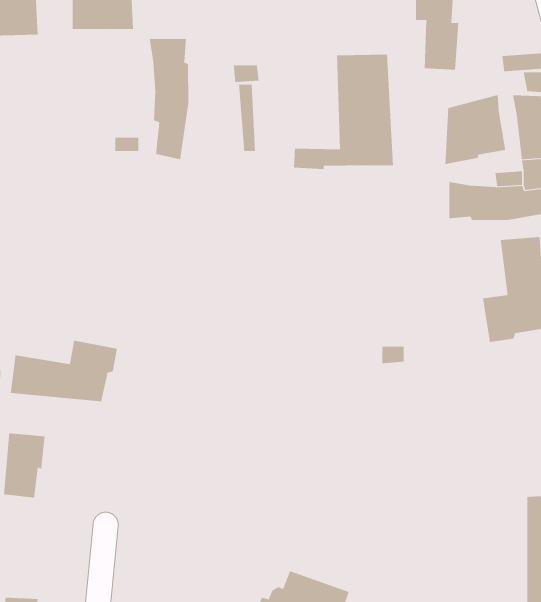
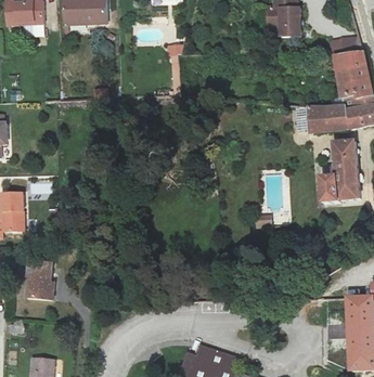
building: [149,38,189,160] -> none
building: [294,54,394,170] -> none
building: [445,94,506,165] -> none
building: [10,340,117,402] -> none

